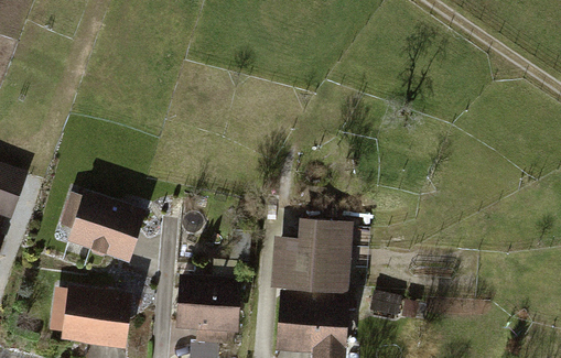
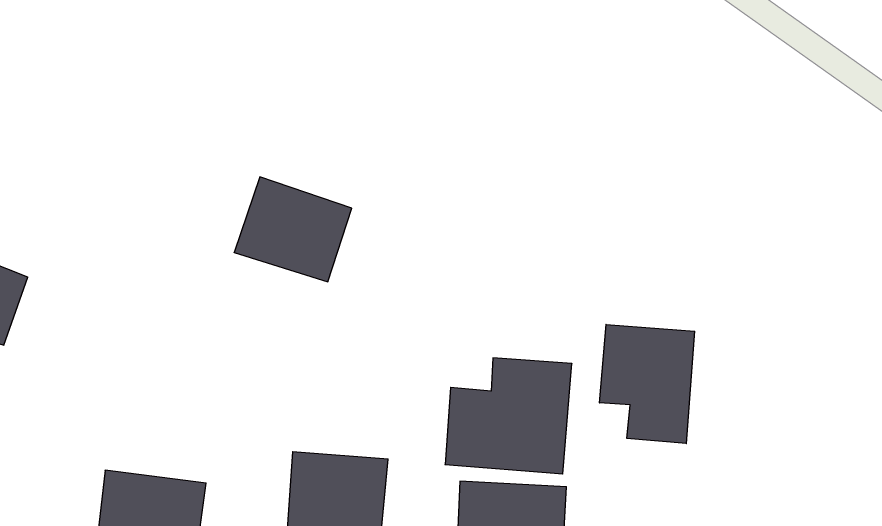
building: [71,197,141,260] -> [234,177,352,282]
building: none -> [600,324,695,444]

